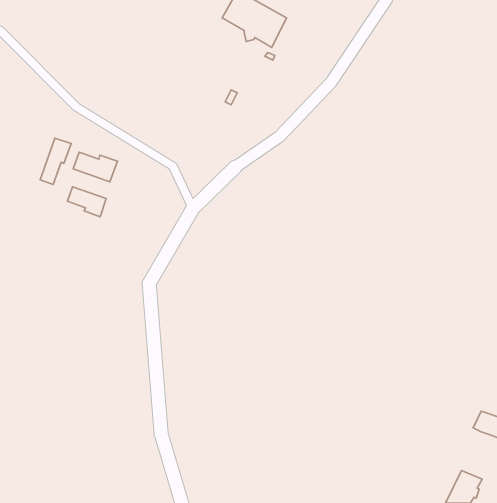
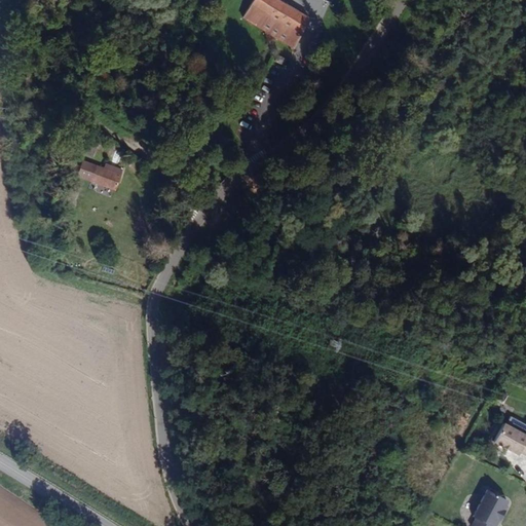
building: [40,138,71,185] -> none
building: [67,187,106,217] -> none

